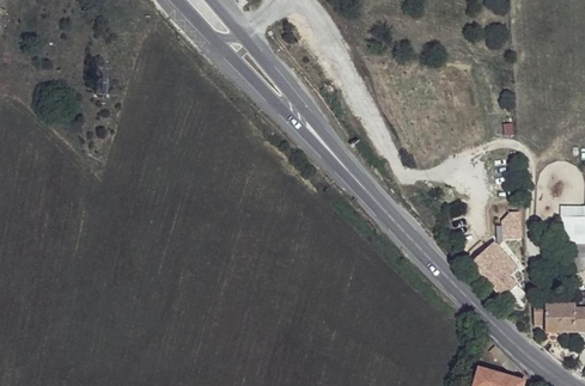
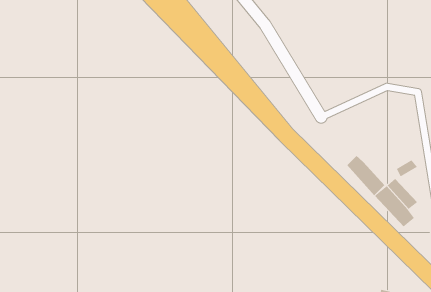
building: none -> [346,155,385,196]

